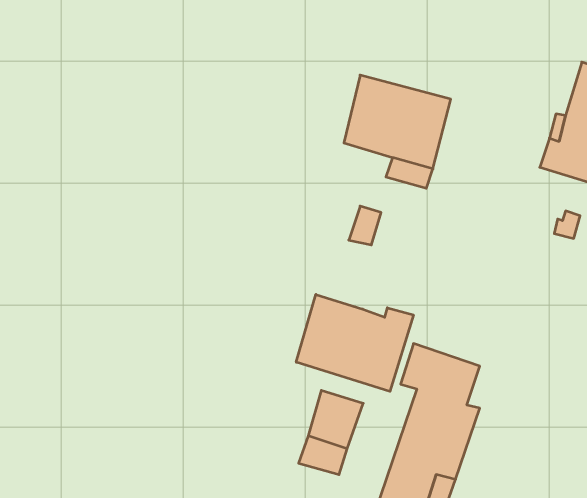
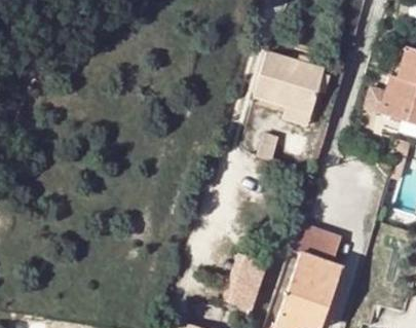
building: [296,294,413,391] -> none

